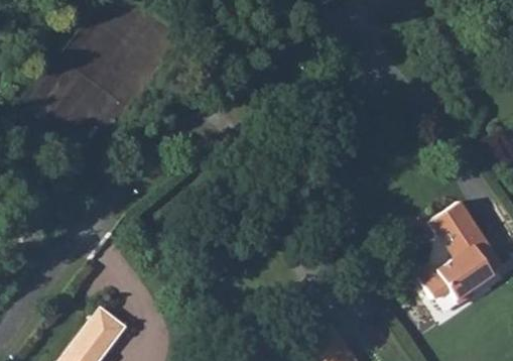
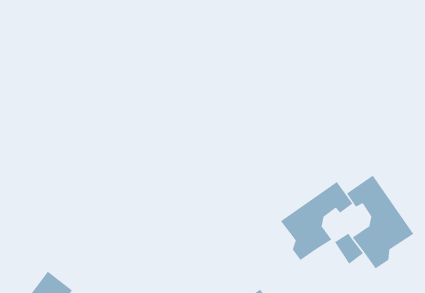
building: none -> [280,181,353,261]

